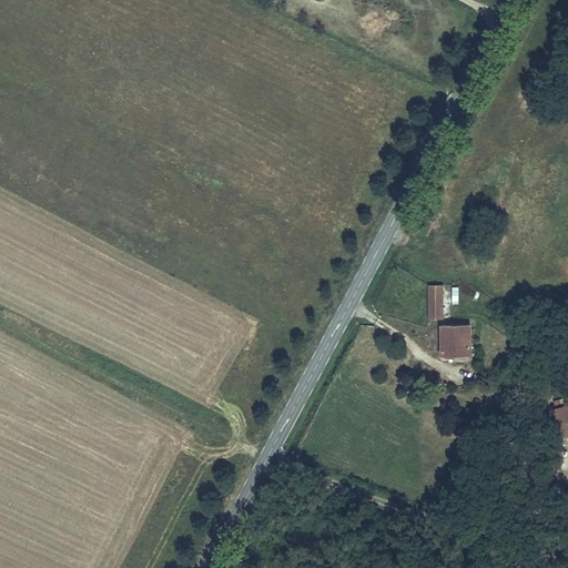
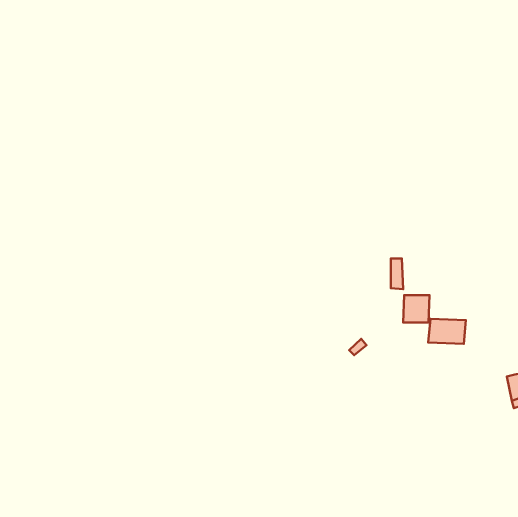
building: none -> [428,319,466,344]

